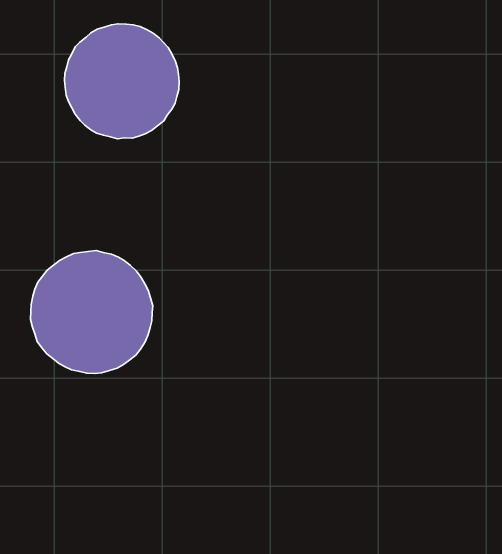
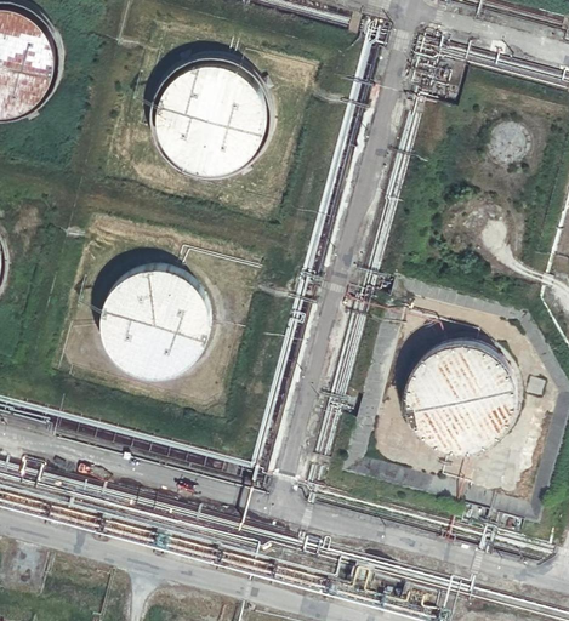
building: none -> [405,342,516,452]

